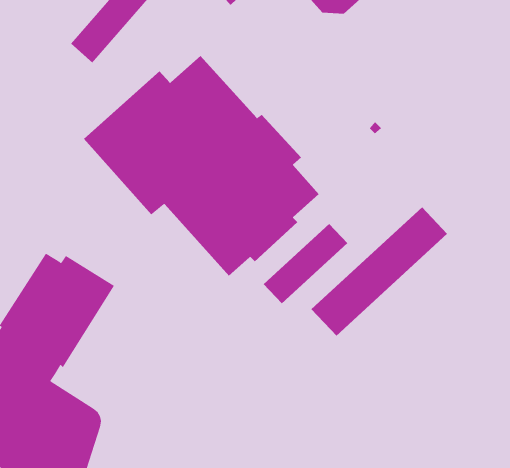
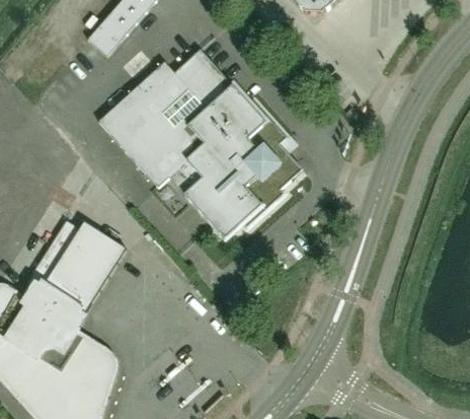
building: [311,207,448,336] -> none
building: [263,223,348,304] -> none

